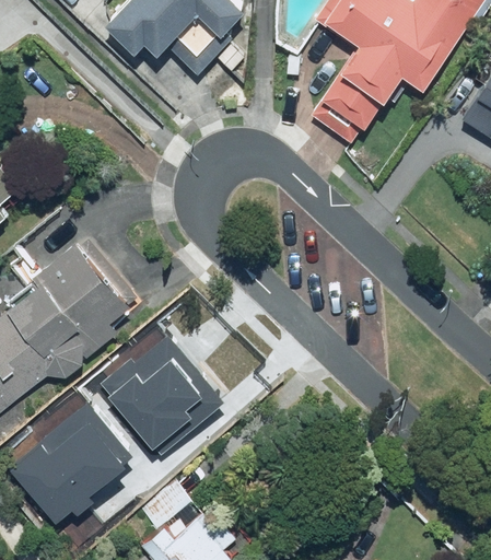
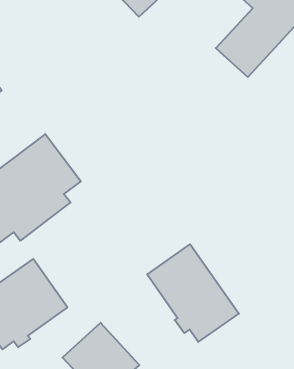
building: [89,340,220,466] -> none
building: none -> [147,244,239,342]

